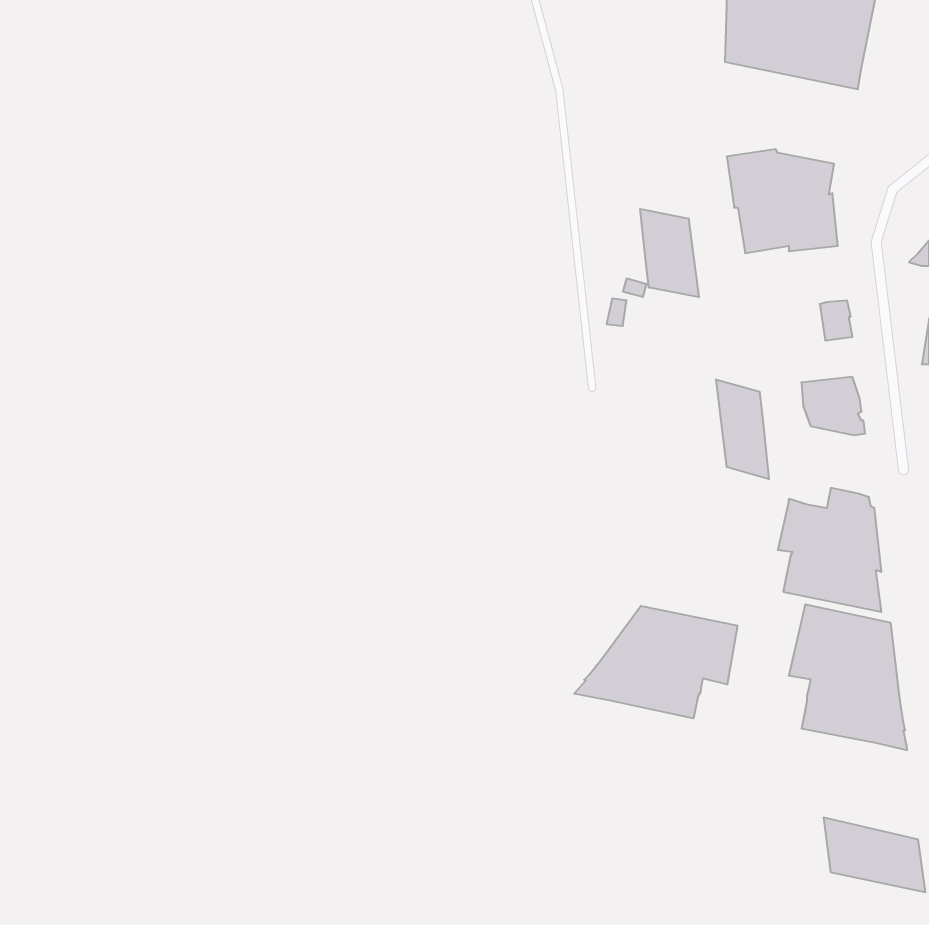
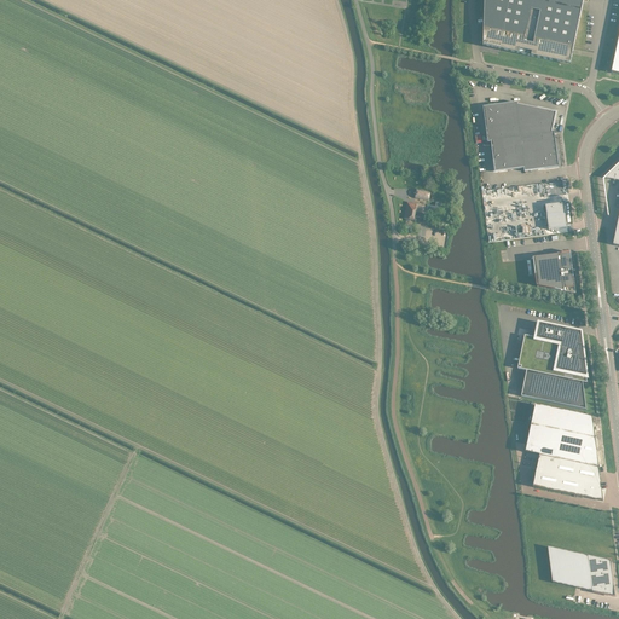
building: [640,209,699,297] -> none
building: [716,379,769,479] -> none
building: [574,606,737,718] -> none

